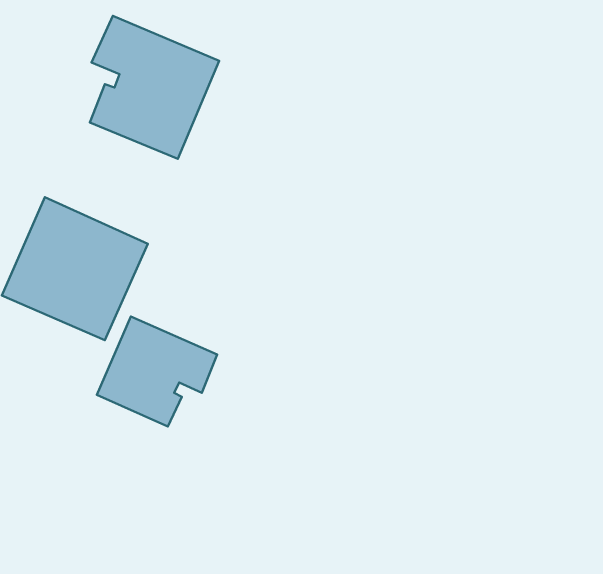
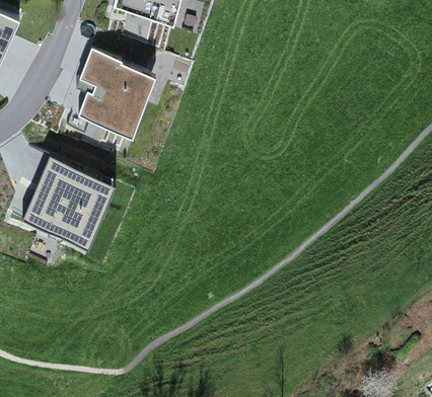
building: [97,317,217,427] -> none

